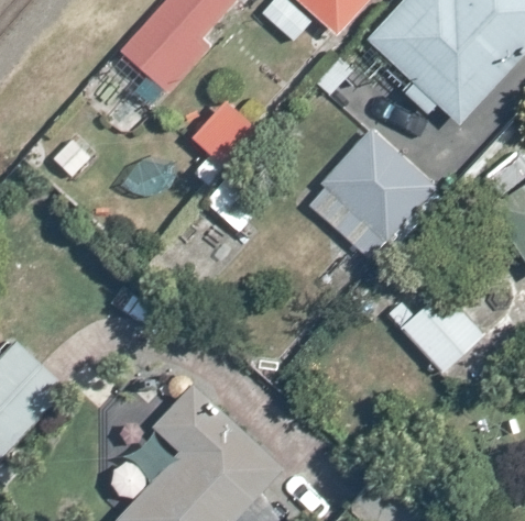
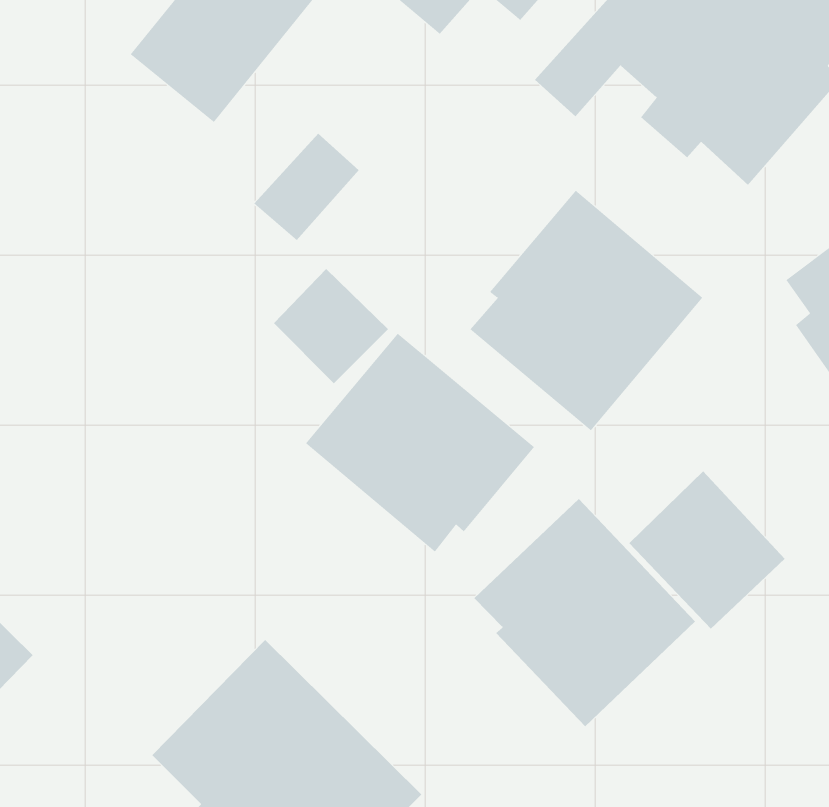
building: none -> [305,333,535,552]
building: none -> [473,498,696,727]

